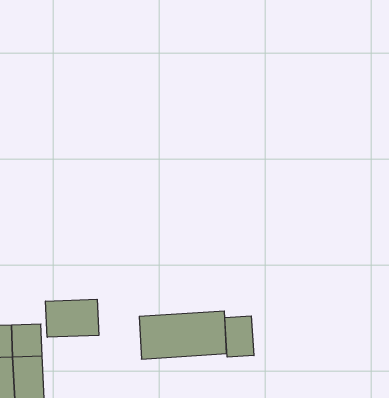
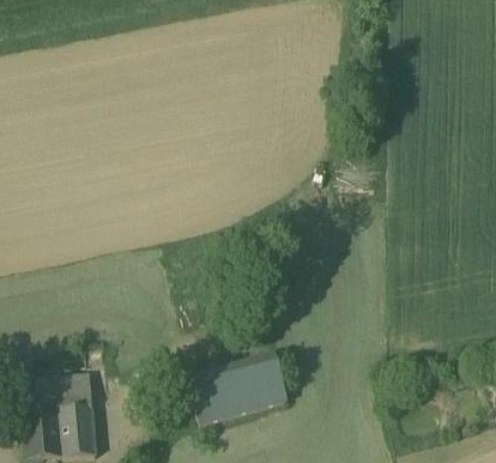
building: [46,299,99,337] -> none
building: [225,316,254,357] -> none

